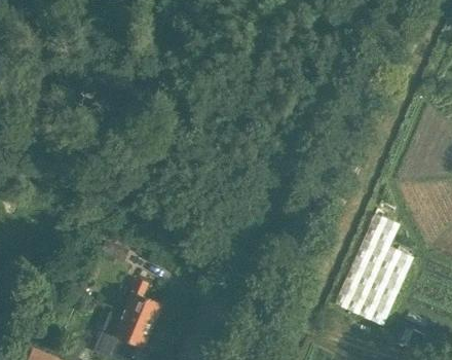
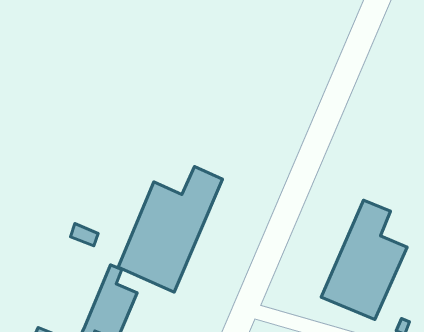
building: none -> [118,167,222,292]

